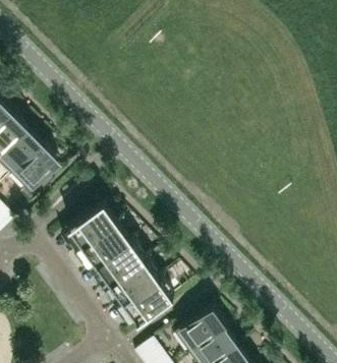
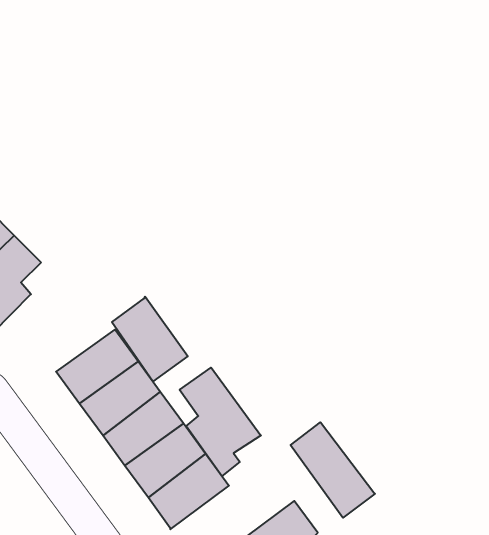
building: none -> [112,297,188,381]
building: none -> [180,368,261,476]
building: none -> [291,422,375,518]

